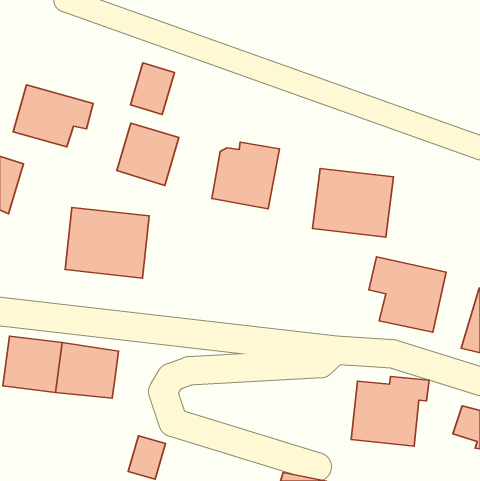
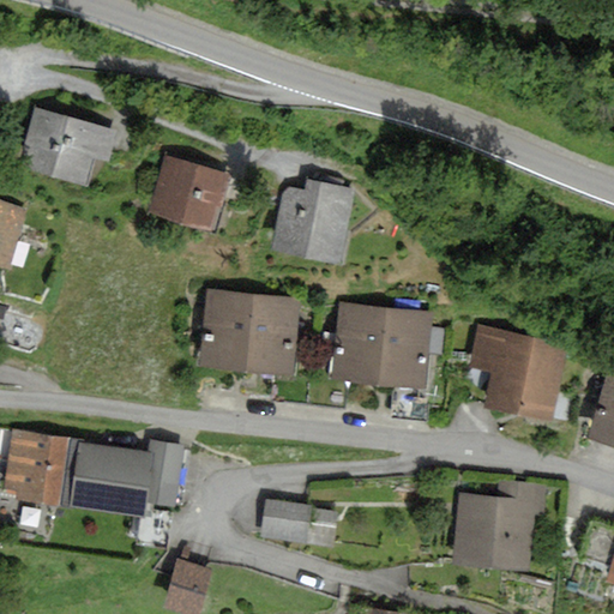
building: [131,63,175,115] -> none
building: [313,168,394,237] -> [330,305,433,392]
building: [65,207,149,278] -> [197,289,303,379]
building: none -> [146,438,183,487]
building: none -> [259,496,339,544]

